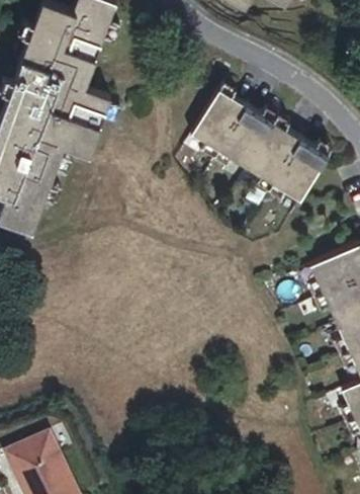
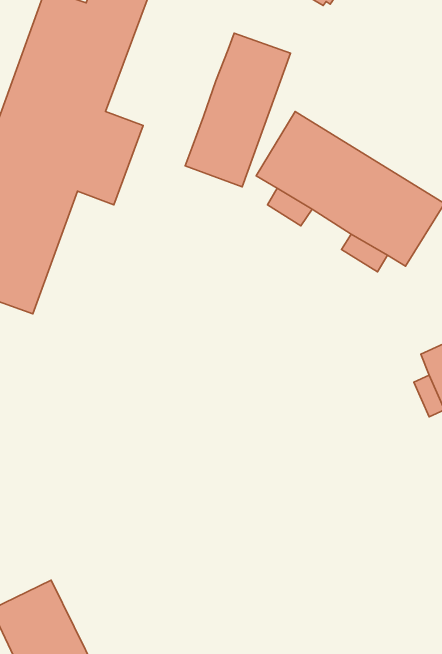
building: none -> [185,33,291,187]

